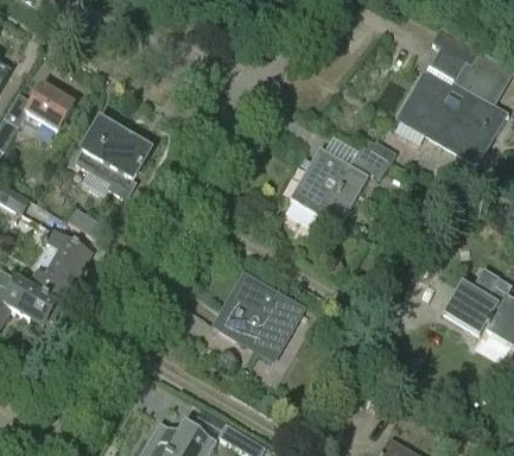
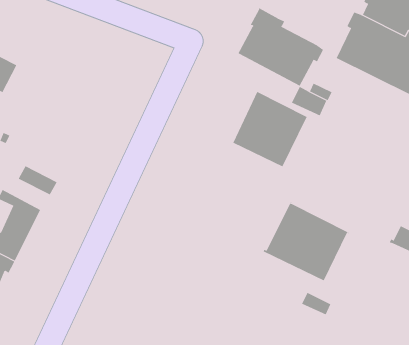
building: none -> [237,7,324,86]
building: [76,118,150,191] -> none
building: [211,273,302,357] -> [263,201,350,281]

